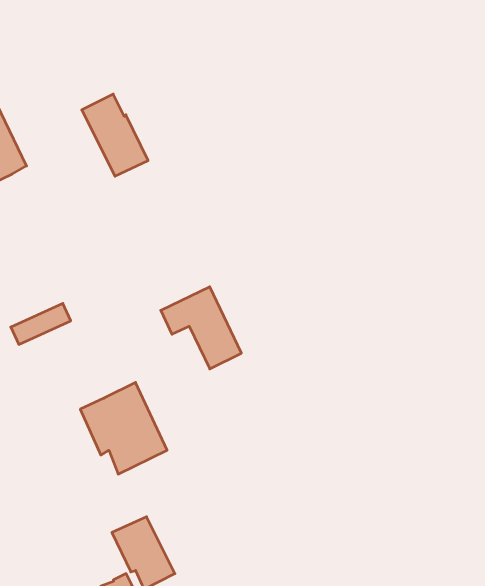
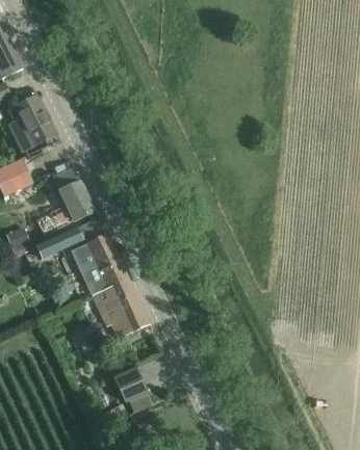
building: [82,94,148,176] -> [52,167,96,221]
building: [161,287,241,369] -> [75,234,128,288]

